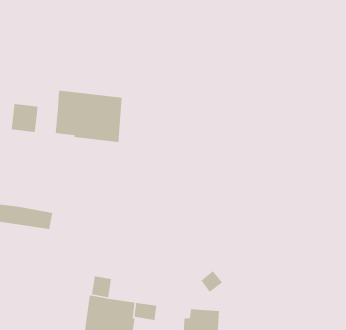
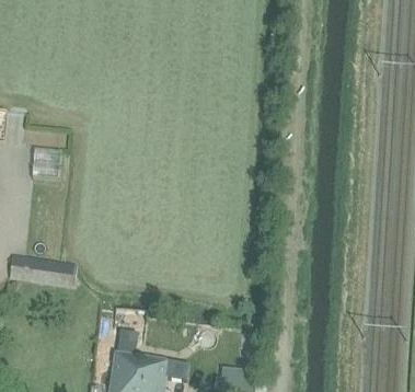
building: [55,90,122,143] -> none

